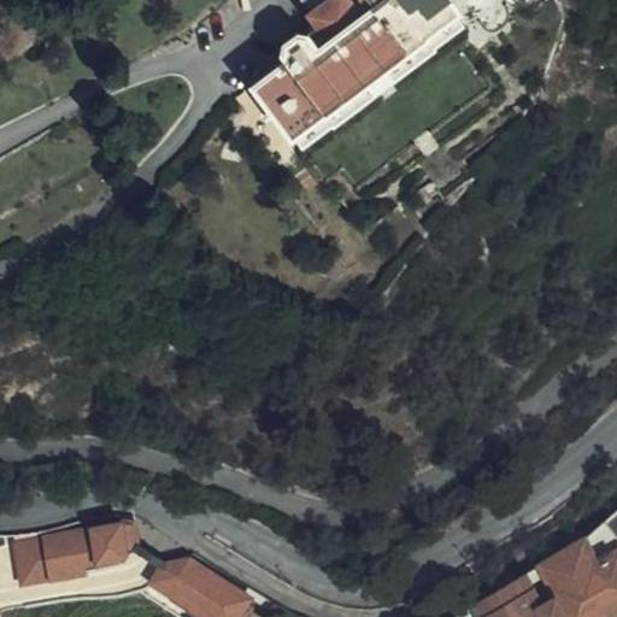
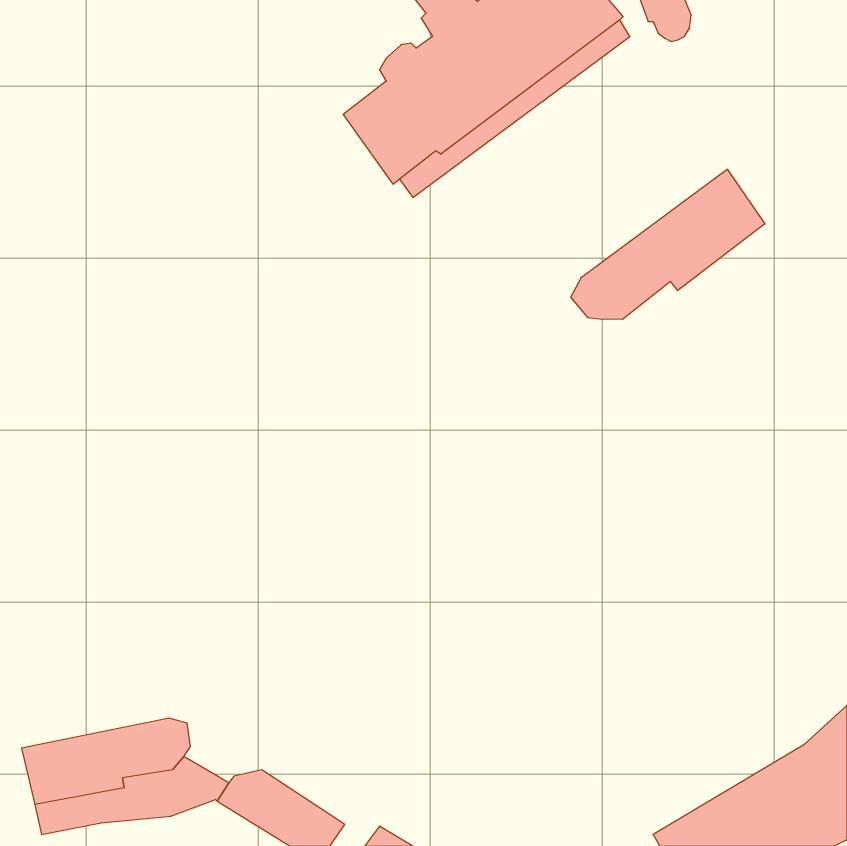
building: none -> [571,169,765,319]

